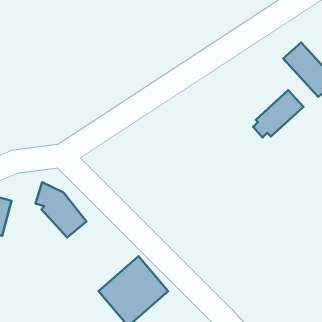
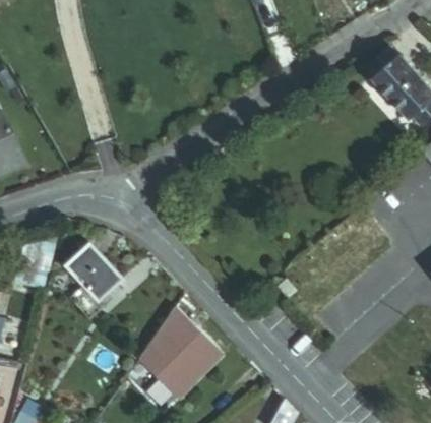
building: [253,90,303,137] -> none

